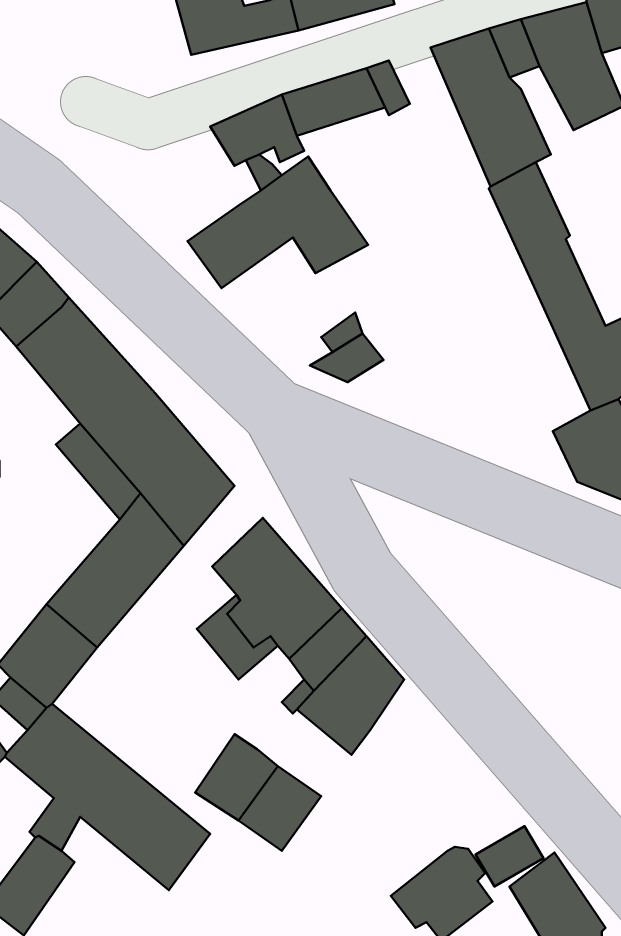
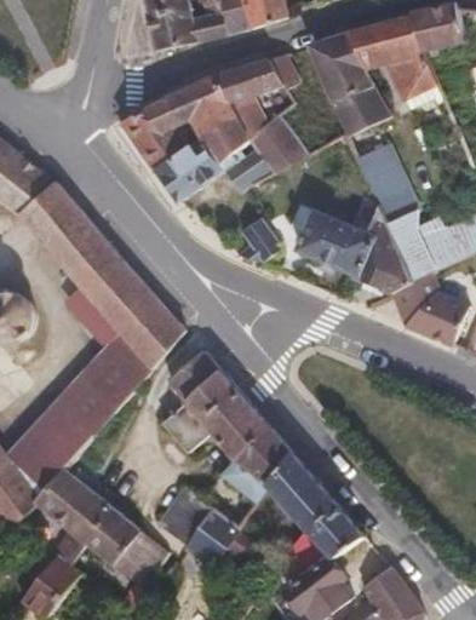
building: none -> [119,97,185,173]
building: none -> [245,114,303,173]
building: none -> [294,200,412,293]
building: none -> [270,453,363,558]

